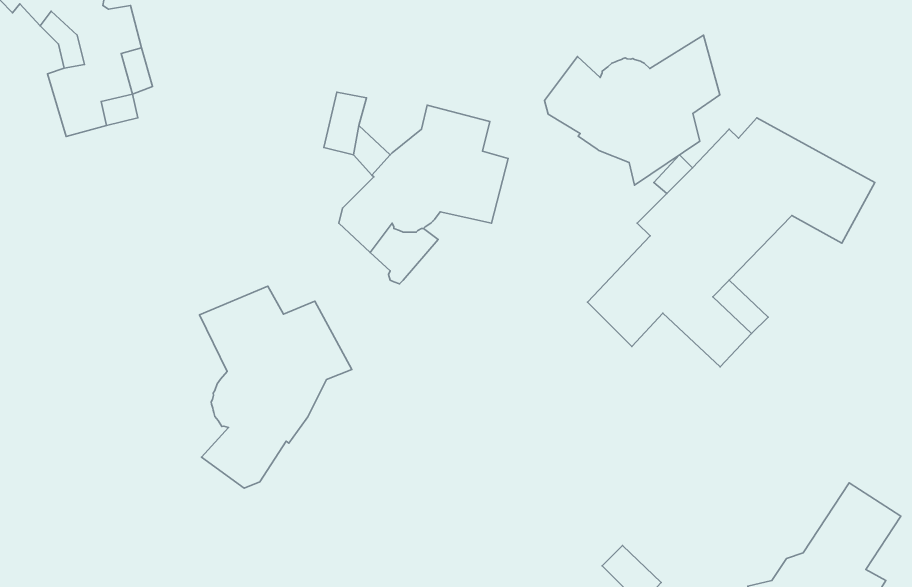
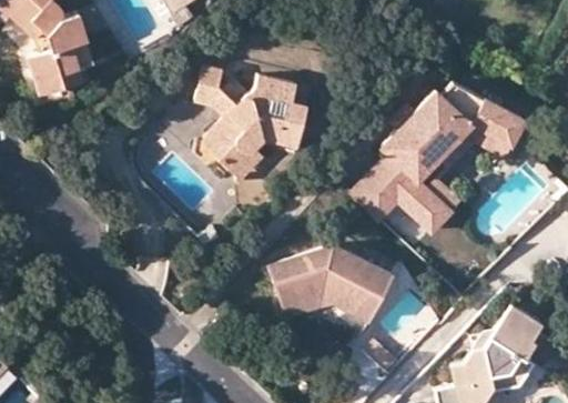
building: [545,35,720,185] -> none
building: [199,286,352,488] -> none
building: none -> [268,244,392,321]

